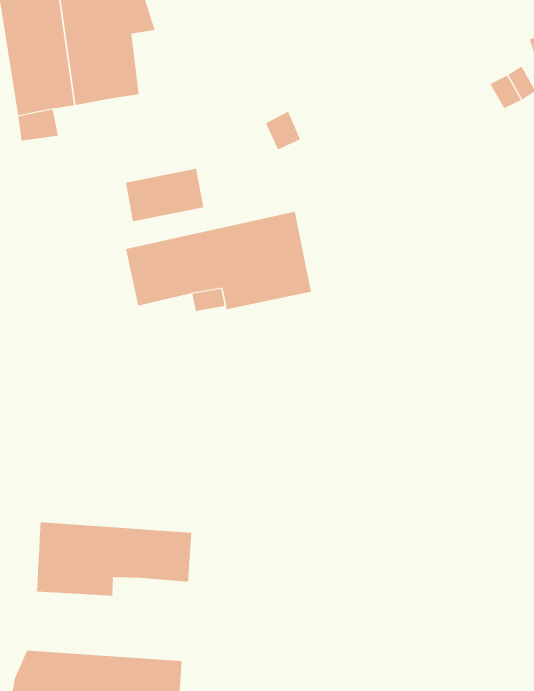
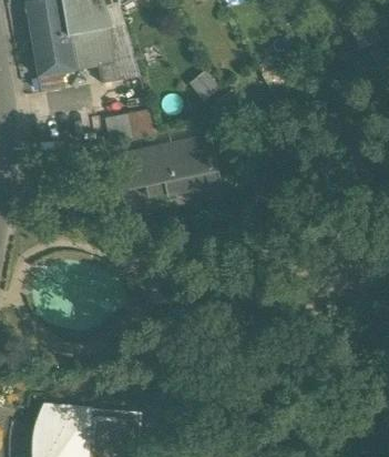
building: none -> [96,22,137,81]
building: [37,522,192,596] -> none

